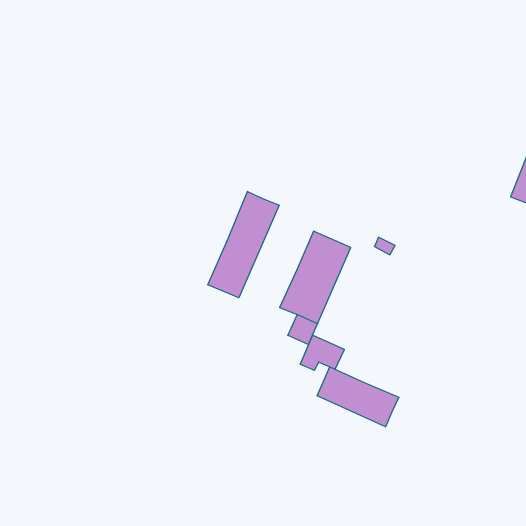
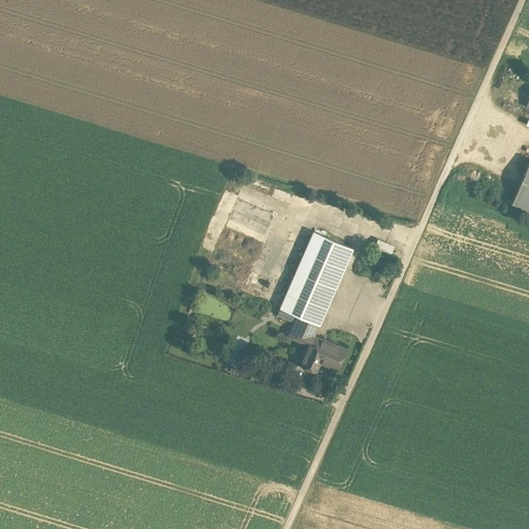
building: [208,191,279,298] -> none
building: [317,367,399,427] -> none

